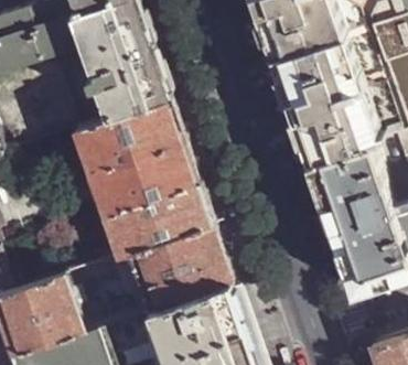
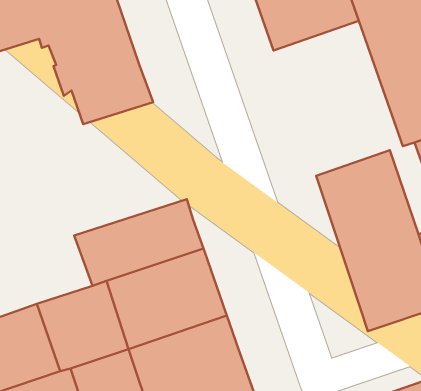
building: [271,31,382,163] -> none
building: [73,100,197,214] -> none

